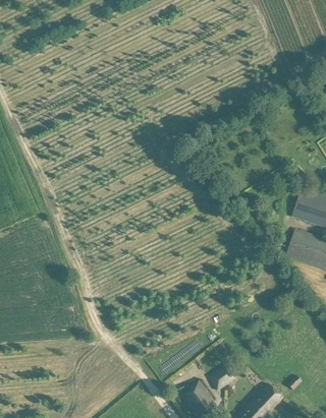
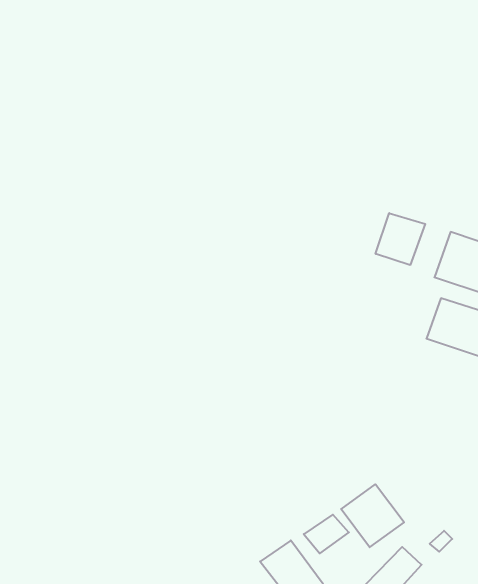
building: none -> [376,213,425,265]
building: none -> [341,484,404,547]

